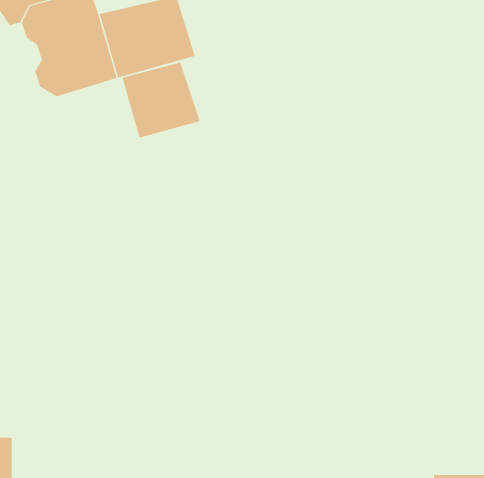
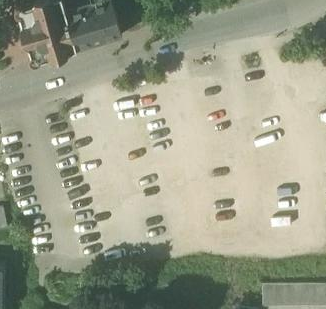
building: [122,62,200,138] -> none

